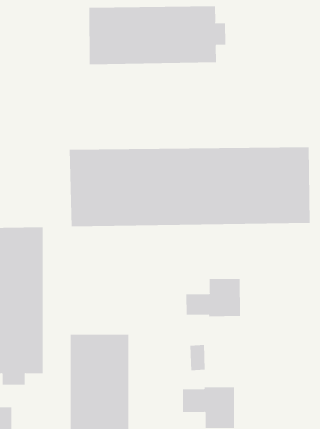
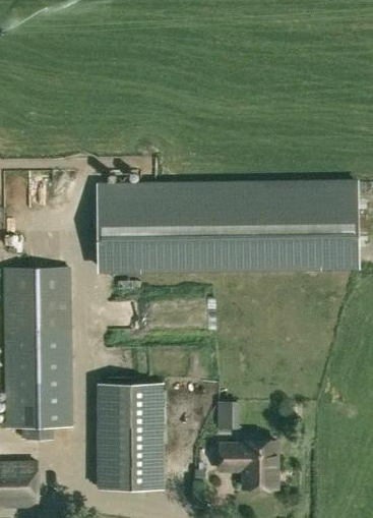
building: [89,6,226,65] -> none
building: [186,278,241,317] -> none

